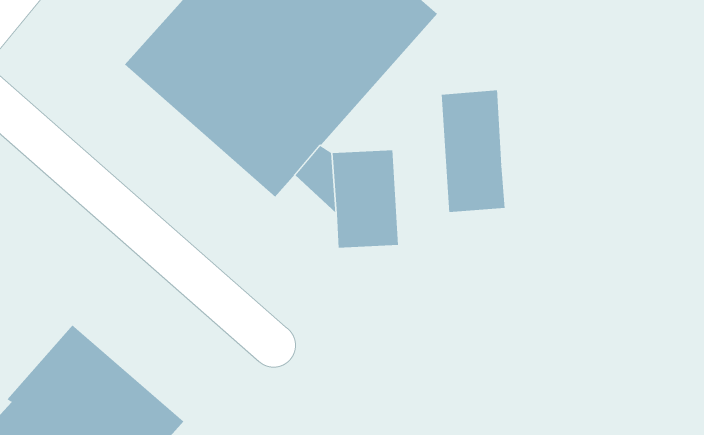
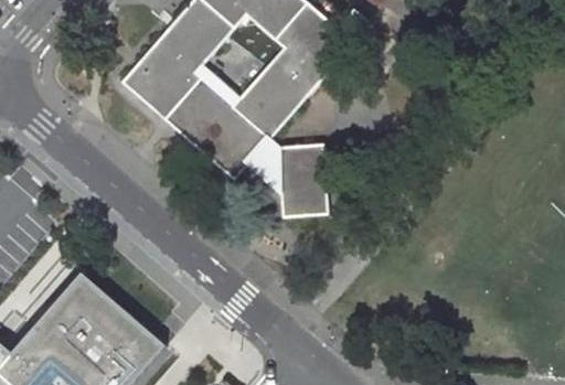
building: [441,90,505,213] -> none

